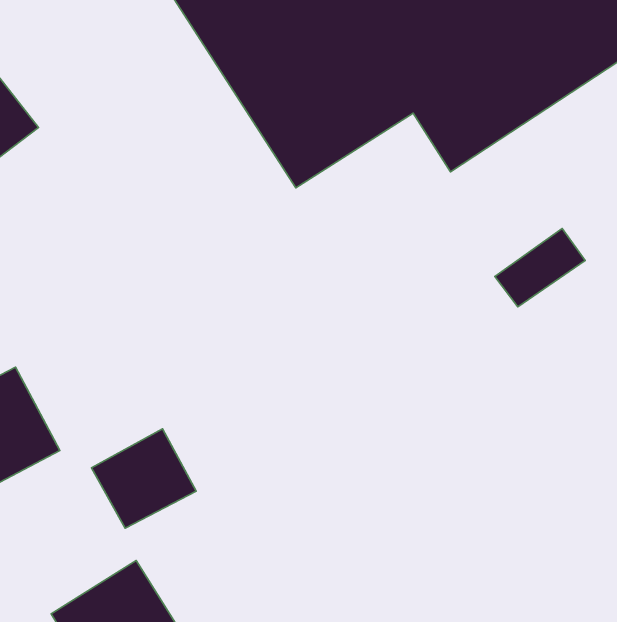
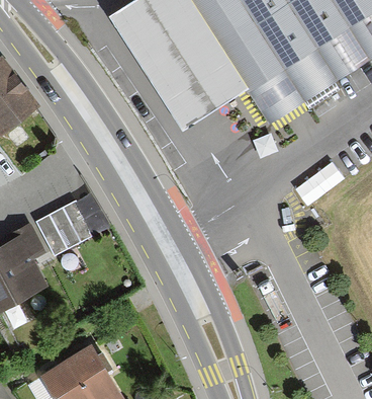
building: [91,429,196,528] -> [34,202,94,258]

